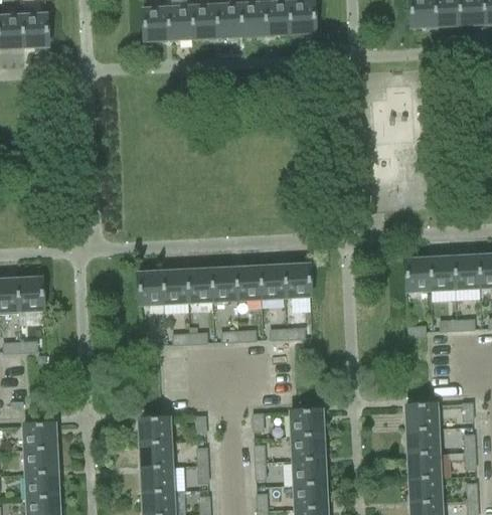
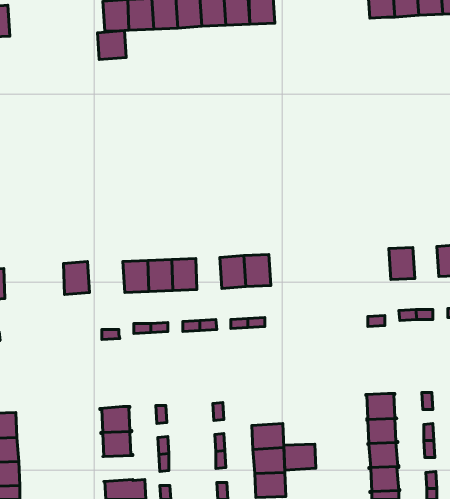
building: none -> [97,31,126,60]
building: [454,256,480,289] -> none
building: [404,259,432,291] -> none
building: [235,268,262,300] -> none
building: [138,272,164,305] -> [64,262,90,295]
building: [291,410,323,437] -> [284,444,316,470]
building: [142,467,172,493] -> none

